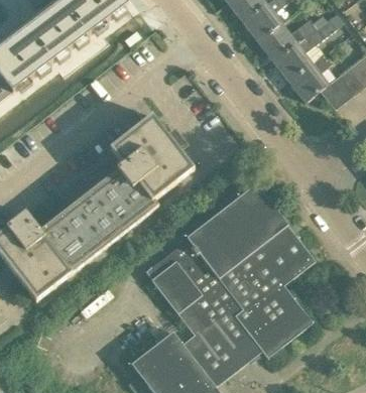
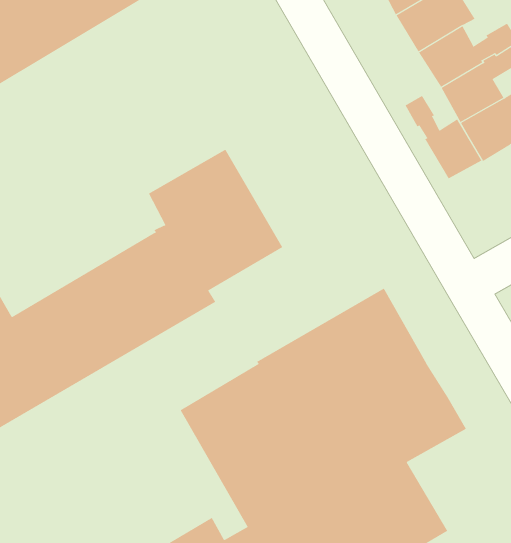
building: none -> [405,95,482,179]

